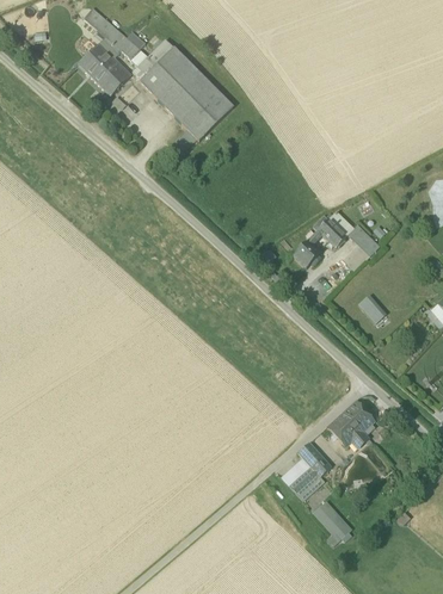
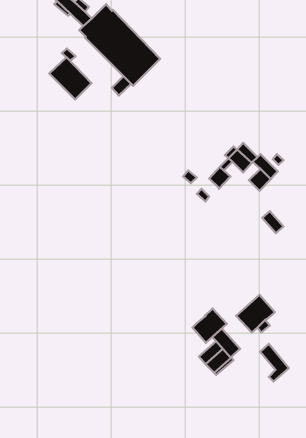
building: [78,43,130,95] -> [49,57,92,100]
building: none -> [192,309,227,343]
building: [315,500,351,546] -> [260,344,289,382]

